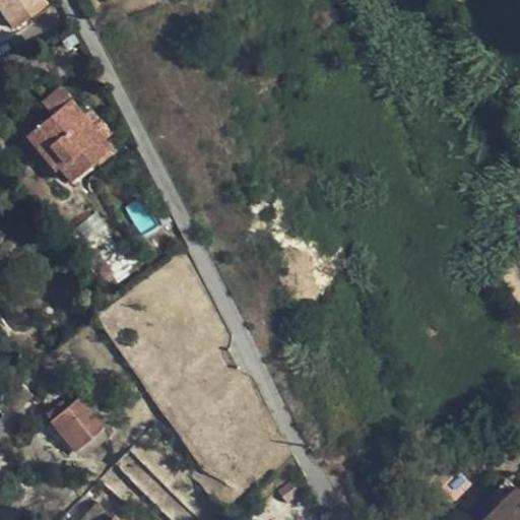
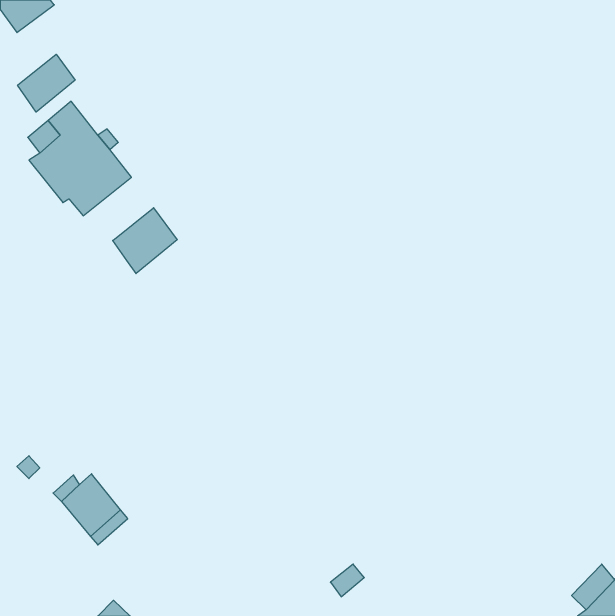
building: none -> [18,54,75,112]
building: none -> [113,208,177,274]

